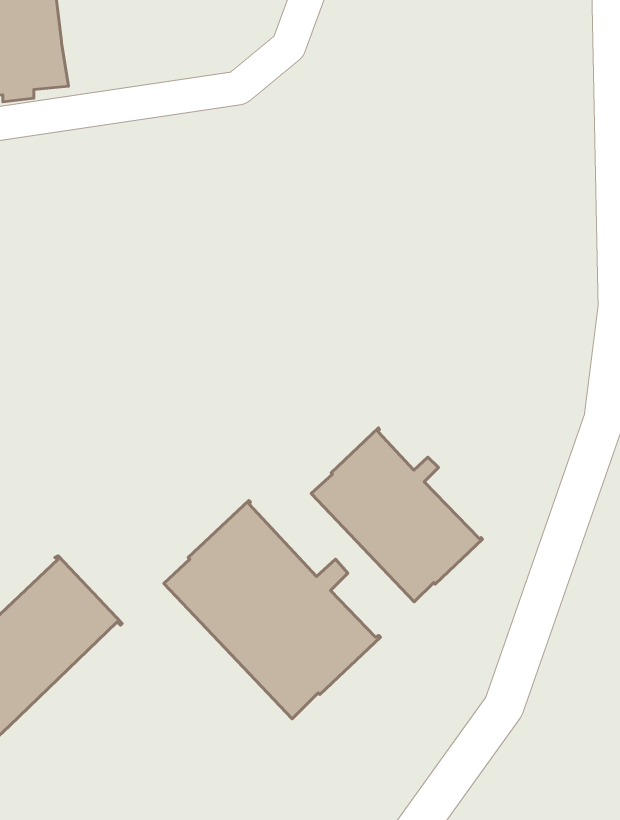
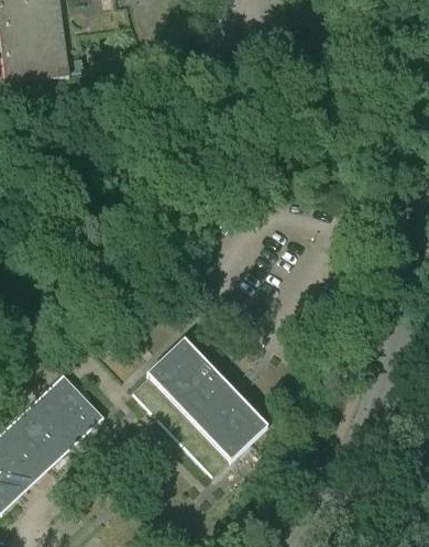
building: [311,428,482,602] -> none

